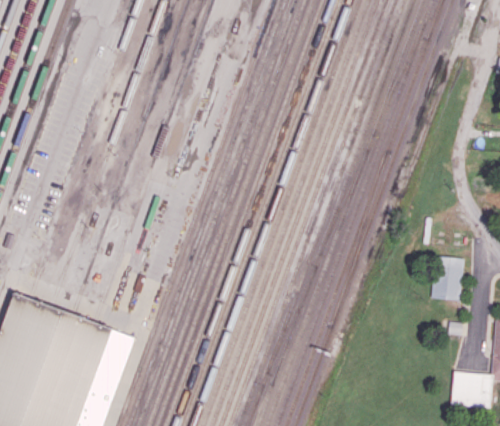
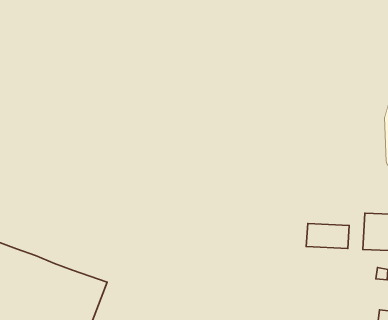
building: none -> [306,224,349,249]

